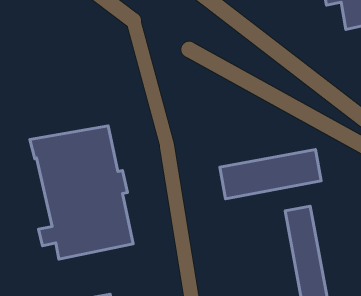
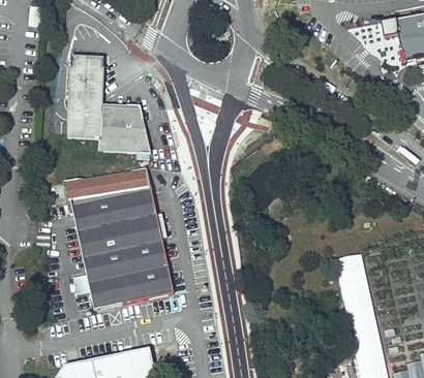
building: none -> [67,55,150,151]
building: [220,150,321,199] -> none

